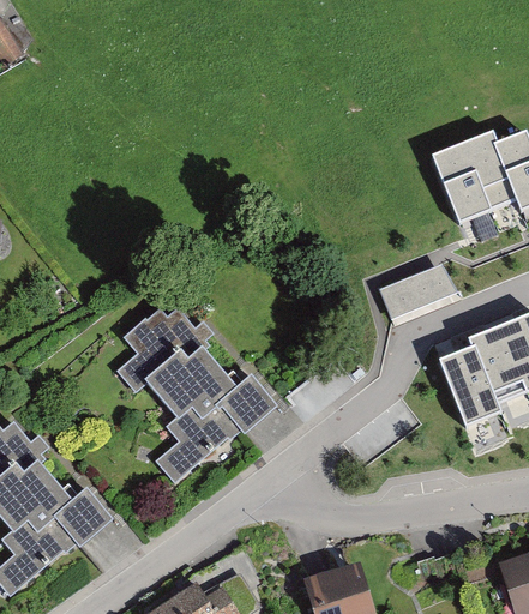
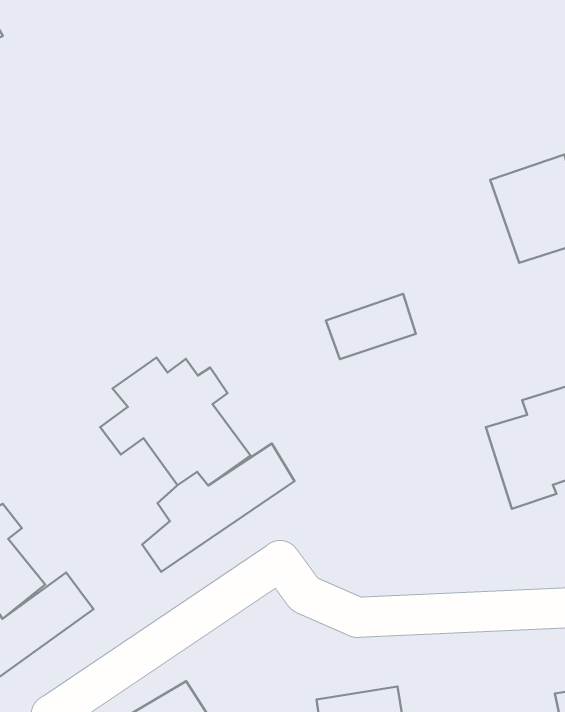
building: [378,263,452,319] -> [326,294,416,359]

